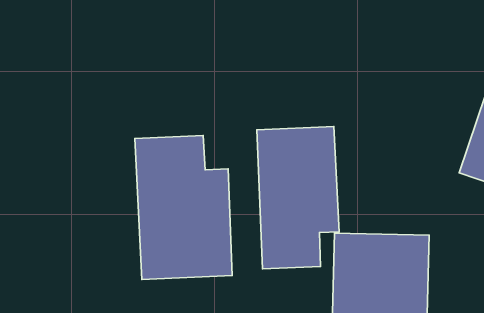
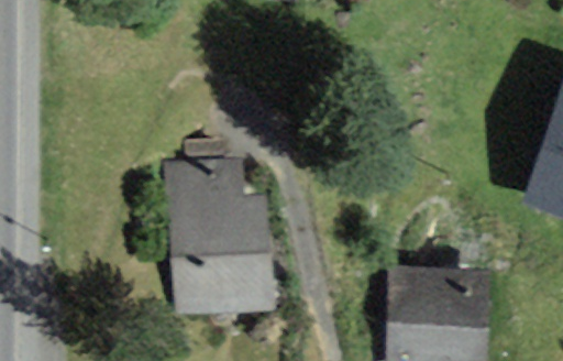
building: [257,126,339,269] -> none

